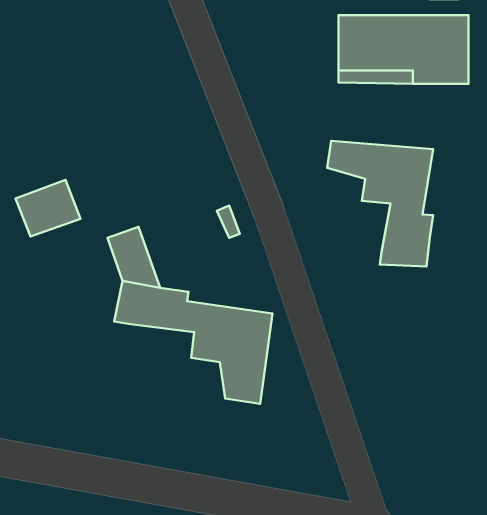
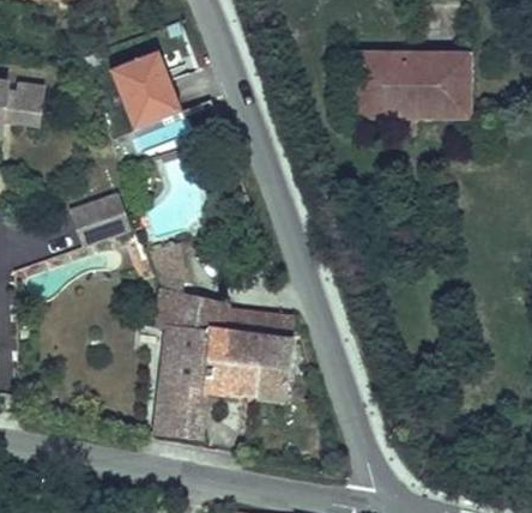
building: none -> [109,47,182,125]
building: [327,141,433,266] -> none
building: none -> [155,327,252,445]

